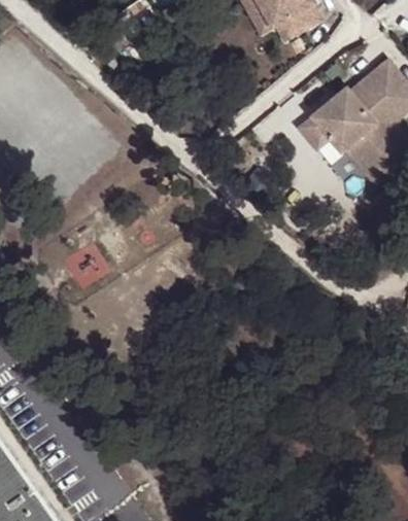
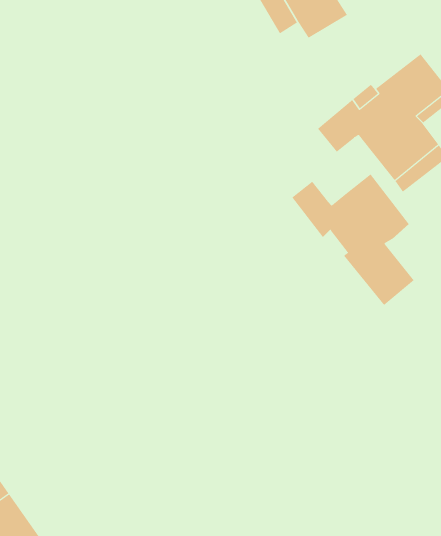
building: none -> [292,174,414,306]

